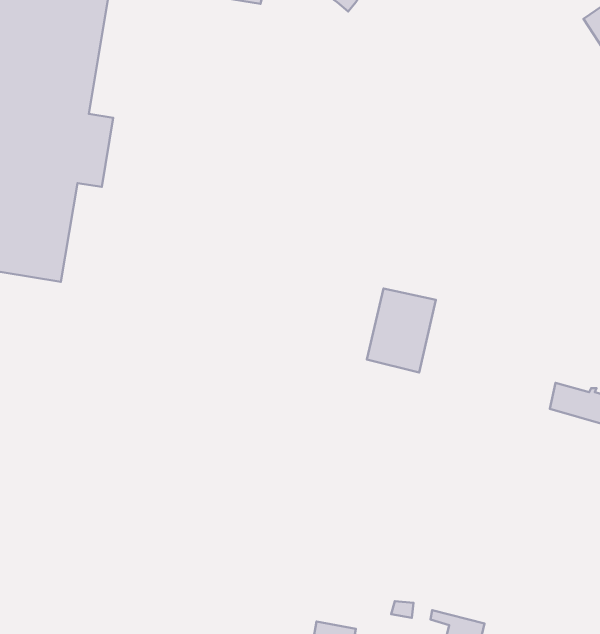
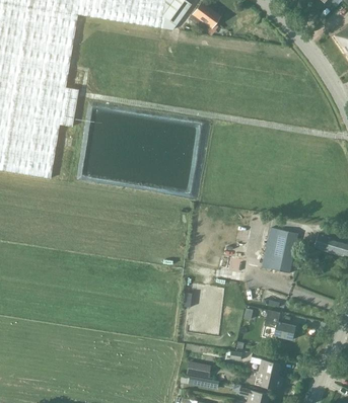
building: [367,289,436,373] -> [261,228,298,273]
building: none -> [265,309,296,338]

